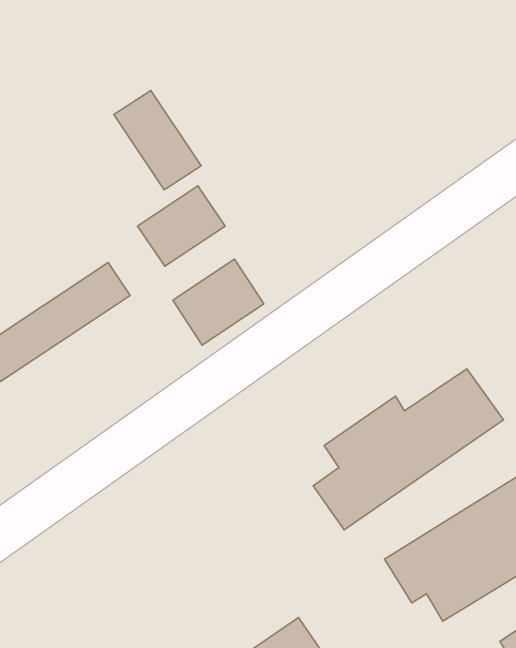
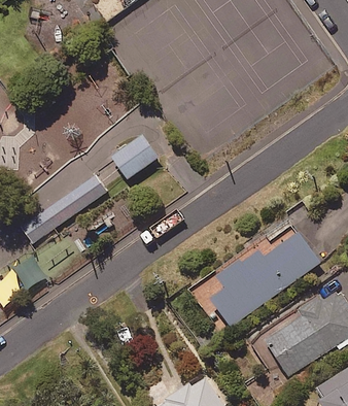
building: [114,91,201,190] -> none
building: [173,259,264,345] -> none

